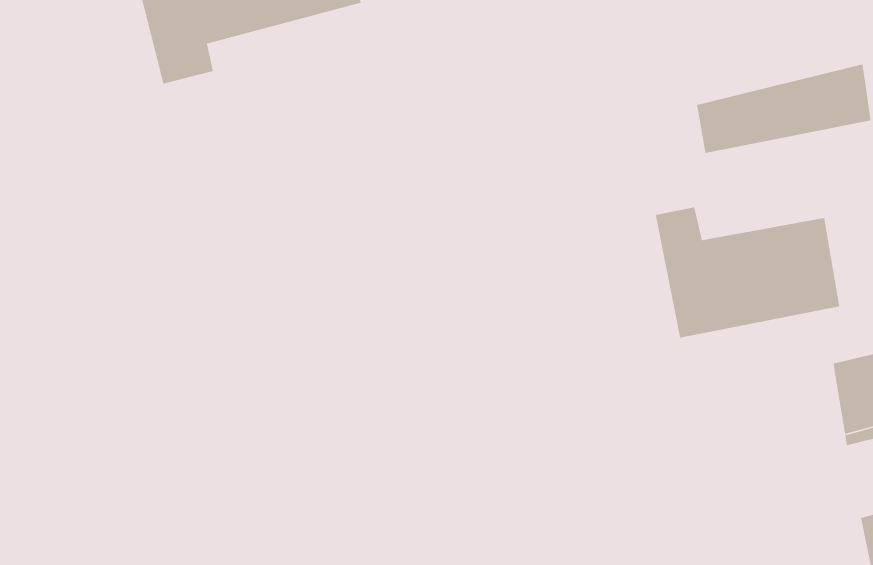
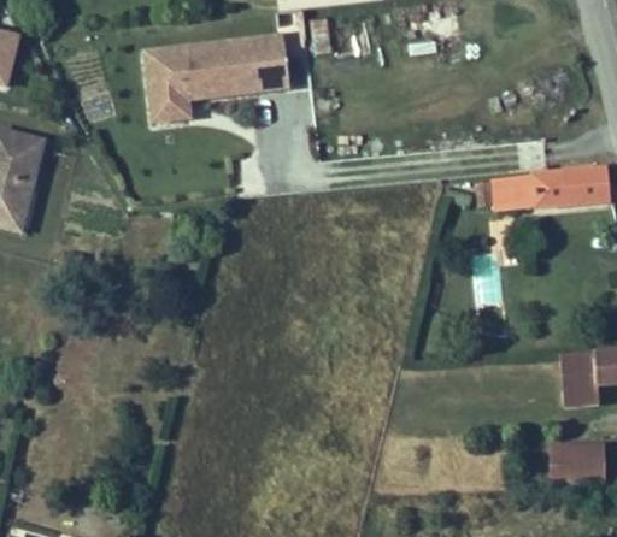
building: [655,206,840,339] -> none

